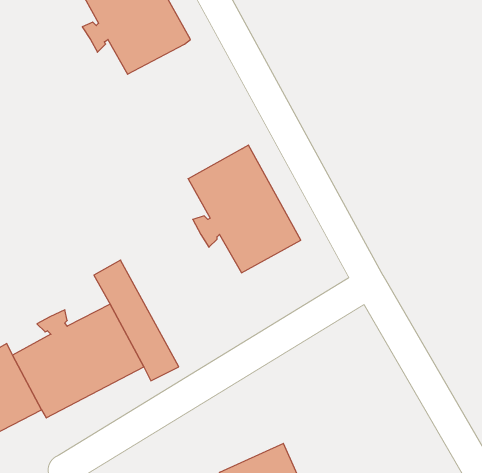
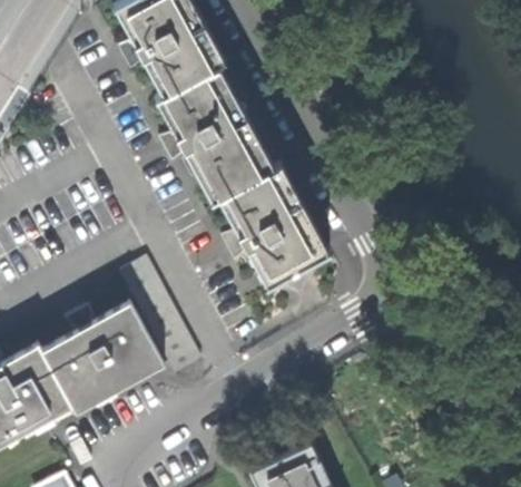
building: none -> [150,59,268,193]

